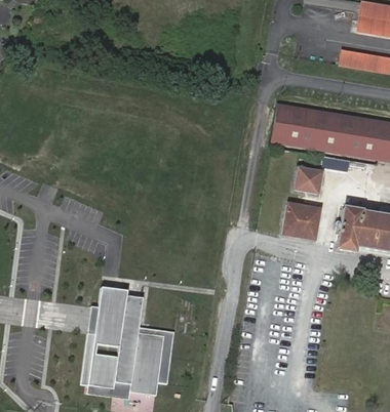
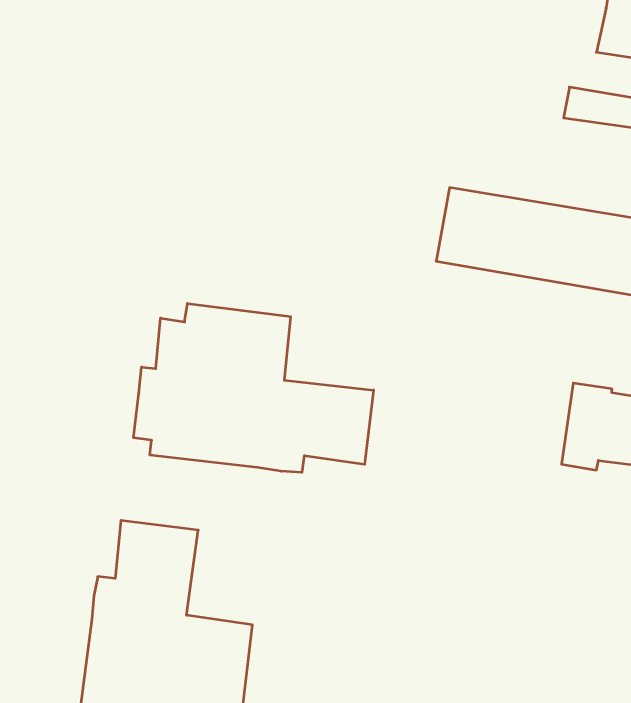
building: none -> [134,303,374,472]
building: [294,165,323,193] -> none
building: [281,200,322,240] -> none

